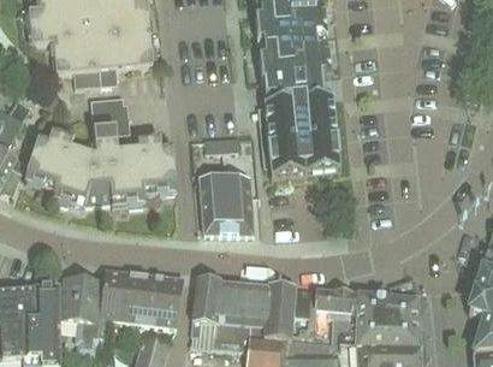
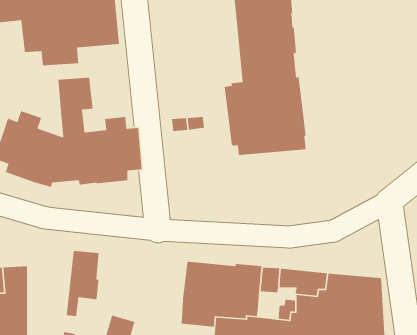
building: [198,176,253,235] -> none
building: [129,274,183,327] -> none
building: [59,279,103,343] -> none
building: [190,279,219,336] -> none

